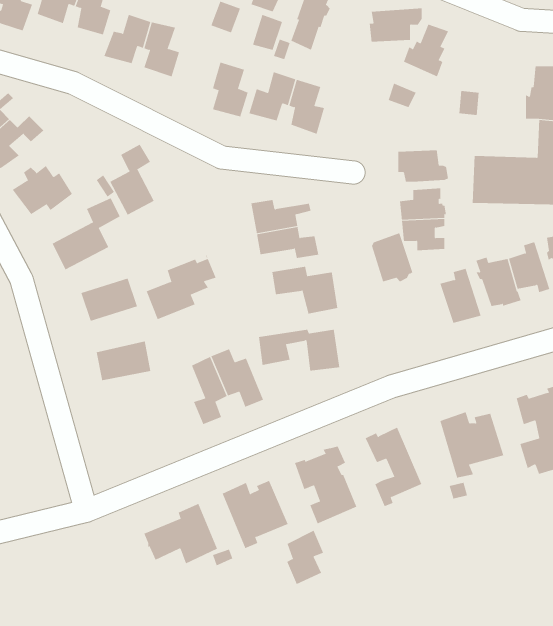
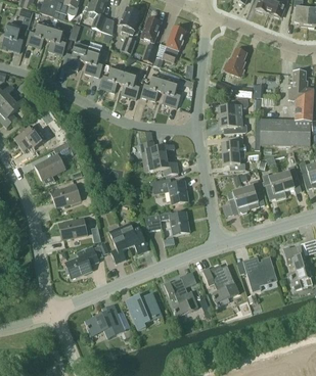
building: [369,8,422,42] -> [219,98,247,116]
building: none -> [99,64,125,92]
building: [110,144,154,216] -> none
building: [371,232,413,282] -> [227,187,250,214]
building: [146,255,216,320] -> [65,243,103,278]
building: [287,530,324,585] -> none

